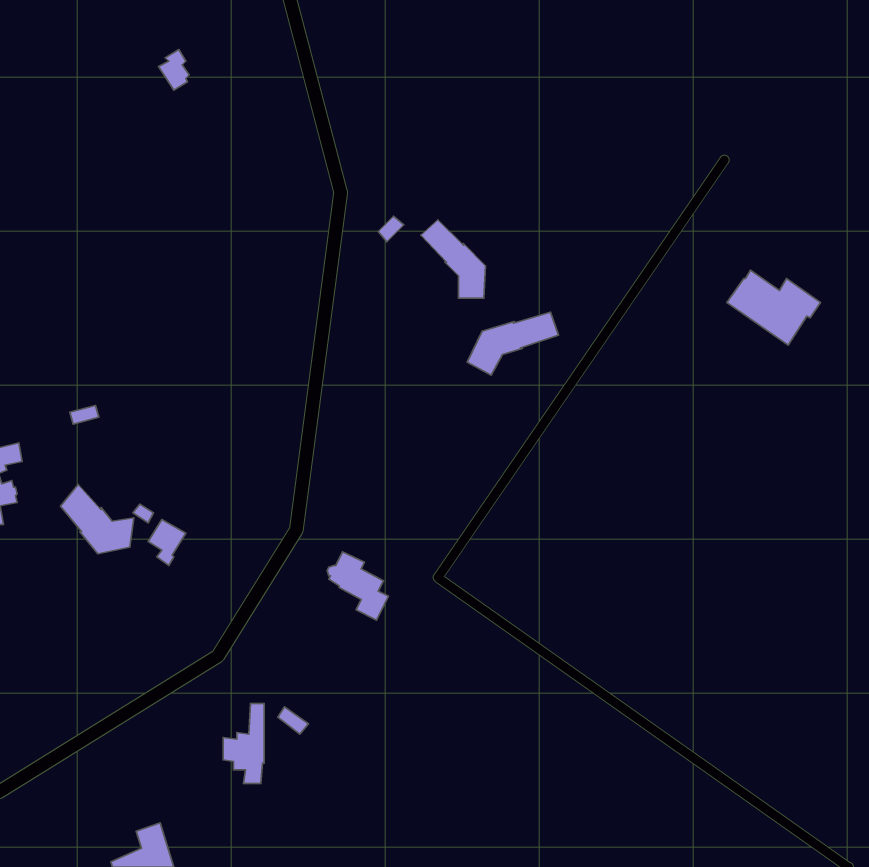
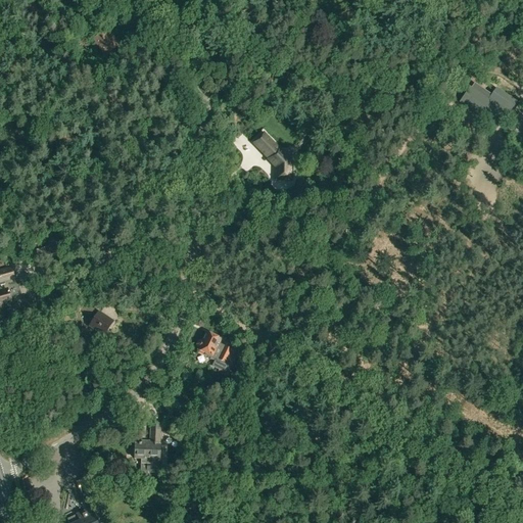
building: [727,270,821,345] -> [459,81,515,126]
building: [467,312,559,375] -> none
building: [60,484,134,554] -> none

